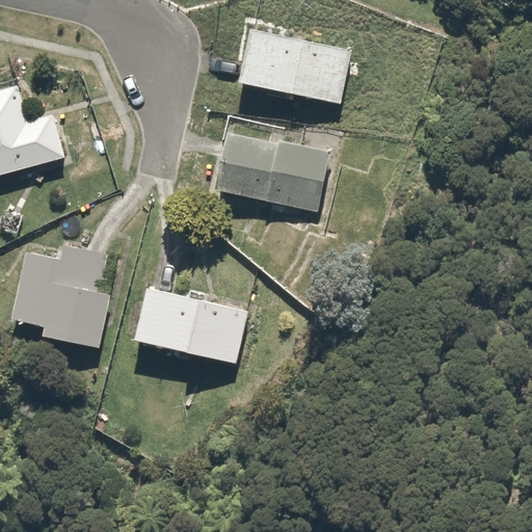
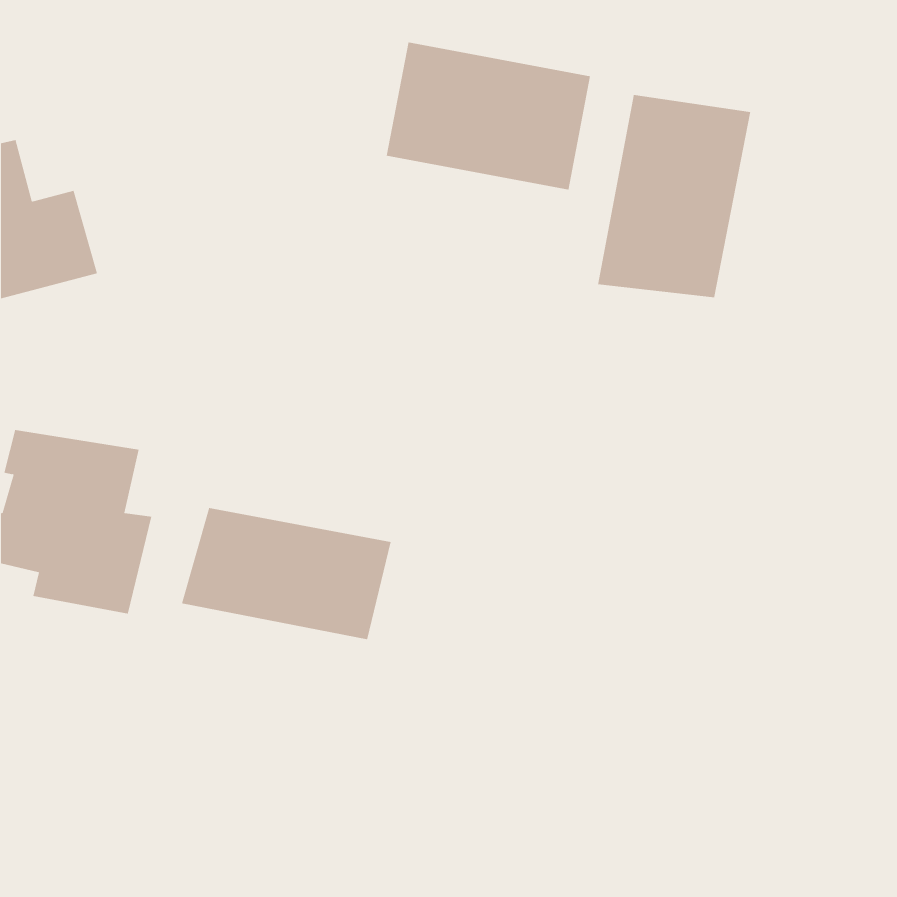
building: none -> [598,94,751,298]
building: [210,126,328,210] -> none

